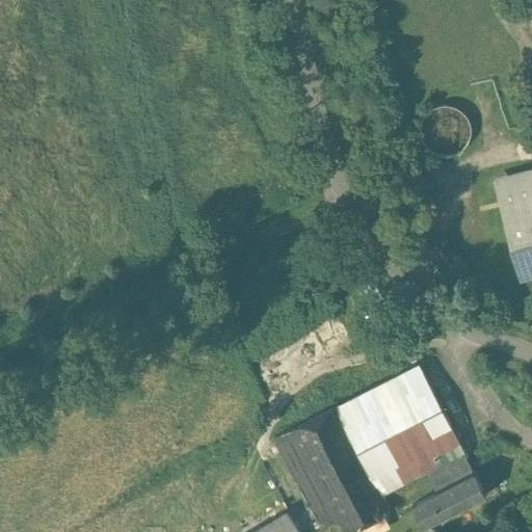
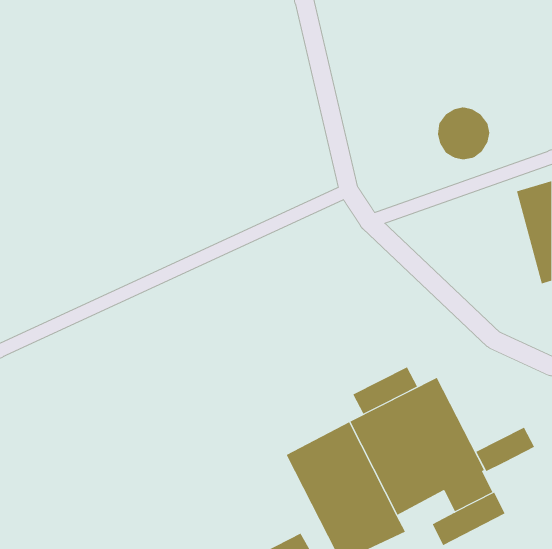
building: none -> [353,367,418,414]
building: none -> [475,427,535,472]

